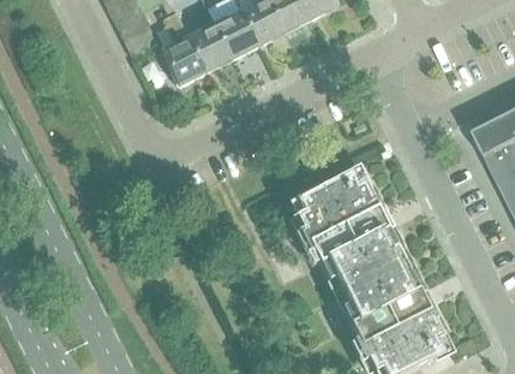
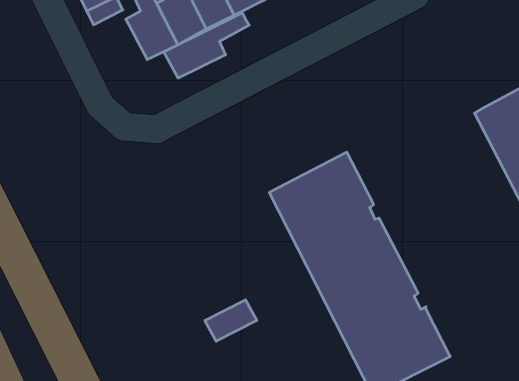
building: none -> [164,13,249,78]
building: none -> [205,300,257,341]

